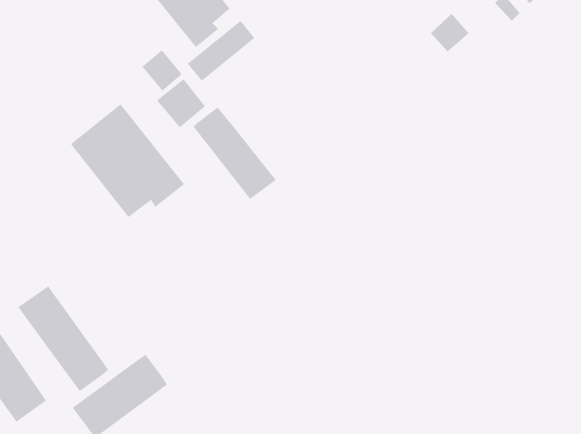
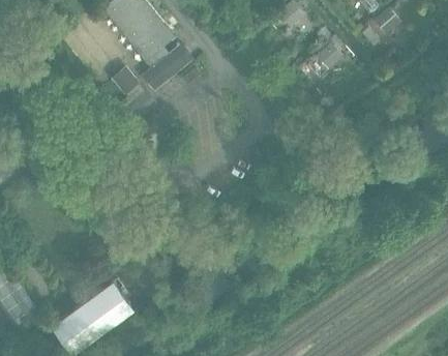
building: [70,103,185,218] -> none
building: [193,106,276,200] -> none
building: [17,285,109,392] -> none

